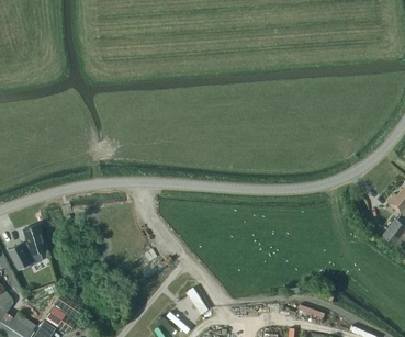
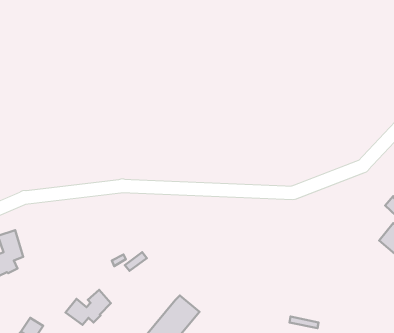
building: none -> [66,290,111,325]

